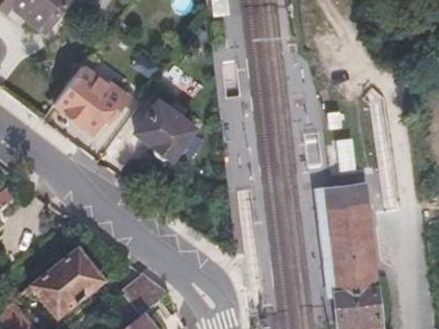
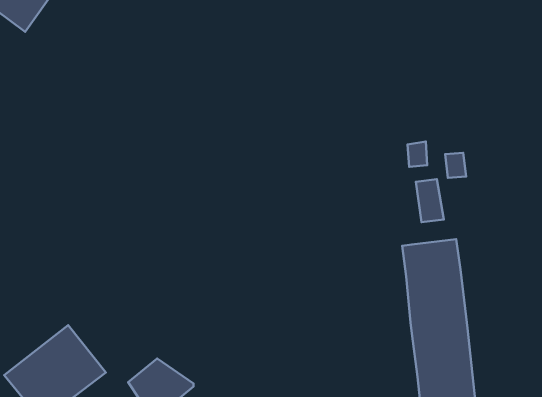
building: [54,67,126,131] -> none
building: [135,101,195,162] -> none

